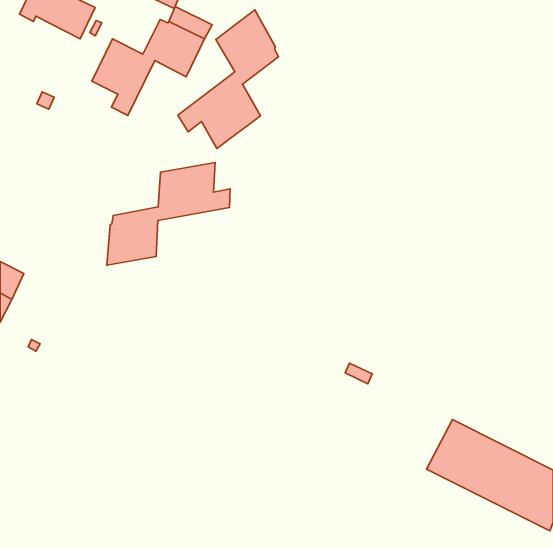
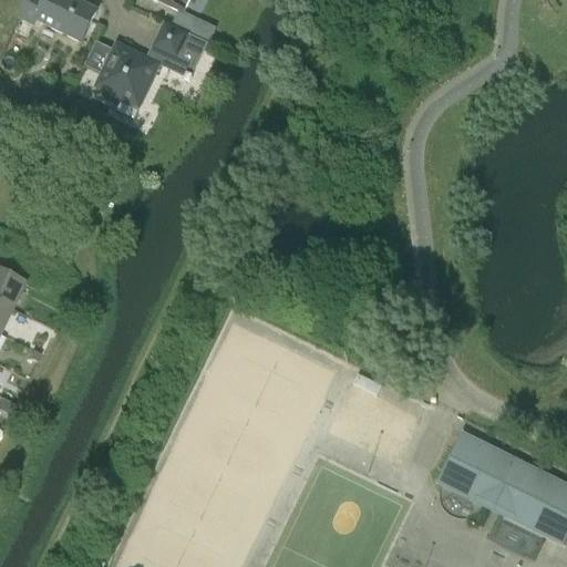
building: [178,10,278,149] -> none
building: [107,162,230,265] -> none

